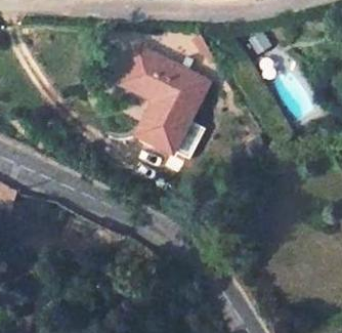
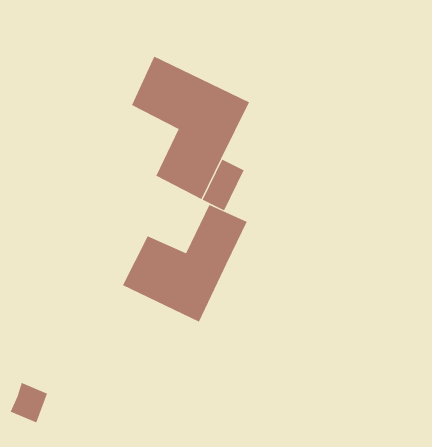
building: none -> [122,204,248,323]

